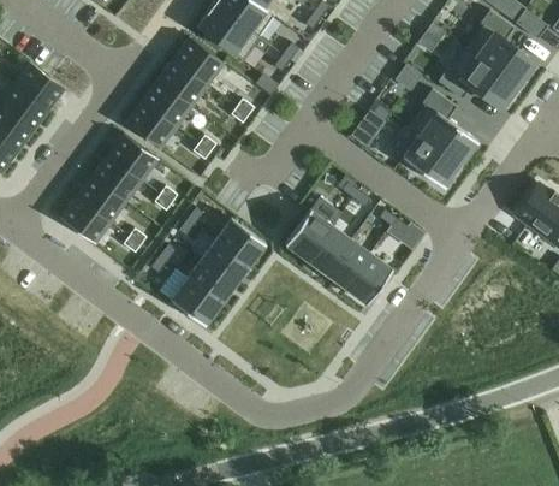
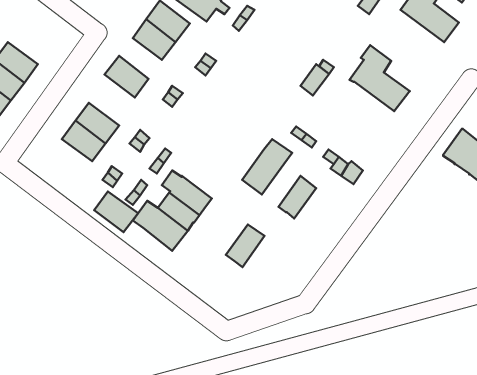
building: [439,47,518,108] -> none
building: [14,63,65,109] -> none
building: [143,79,192,126] -> none
building: [391,125,462,188] -> none
building: [108,132,159,180] -> none
building: [61,196,112,243] -> [94,191,138,232]
building: [215,217,266,265] -> none
building: [308,225,352,274] -> [226,224,264,267]
building: [345,253,393,303] -> none

